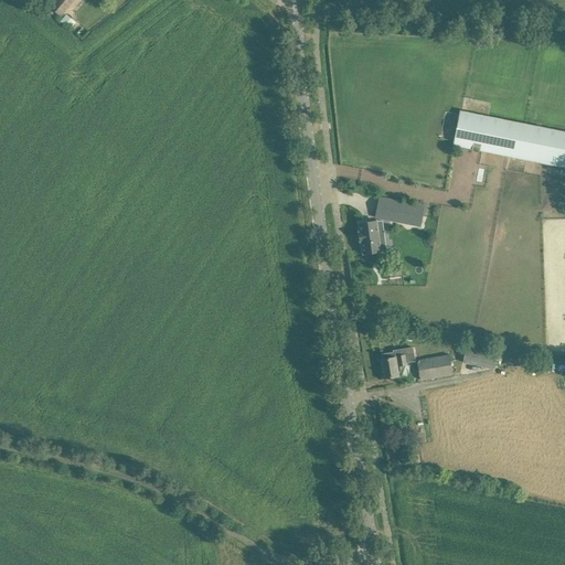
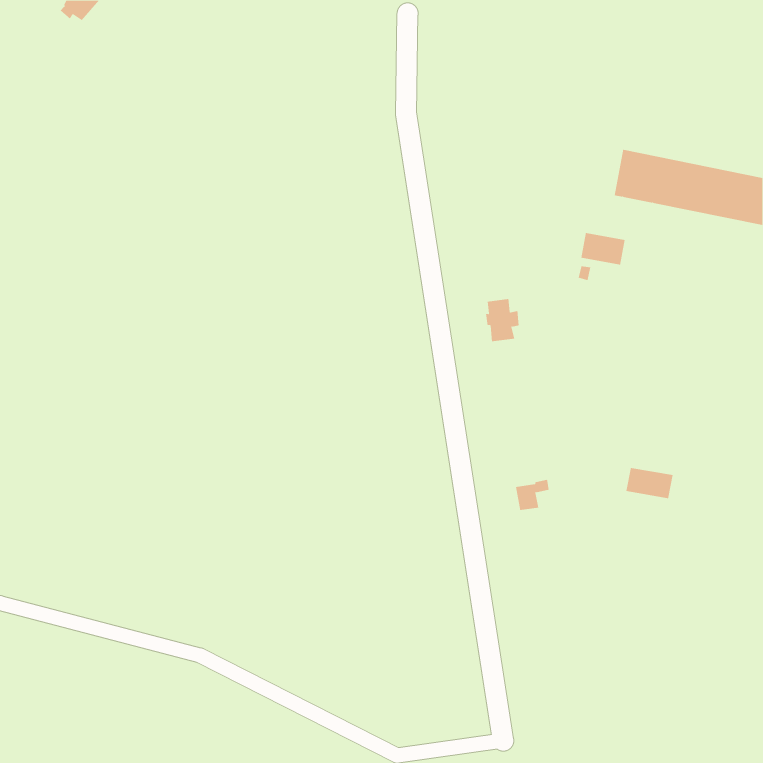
building: [391,201,424,225] -> [581,232,625,265]
building: [417,355,452,380] -> none

